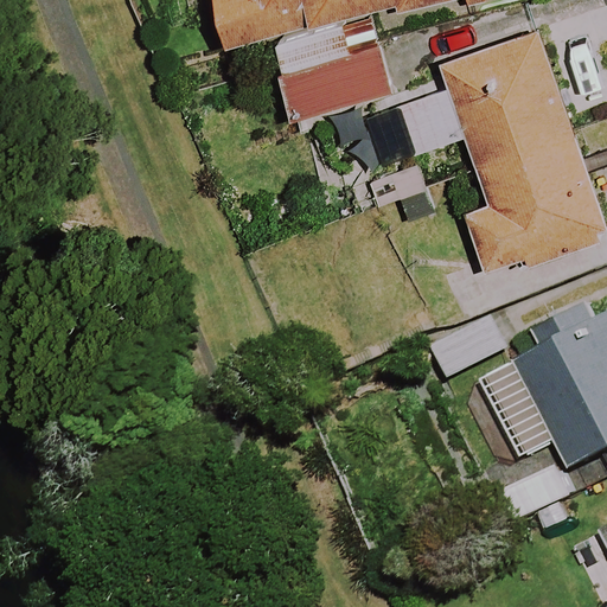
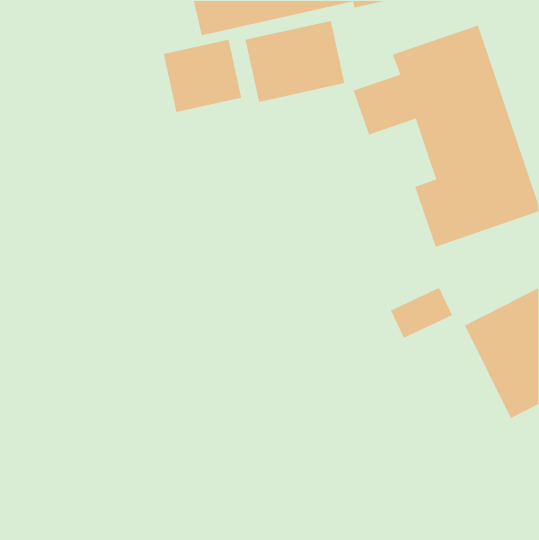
building: none -> [163,39,242,113]

